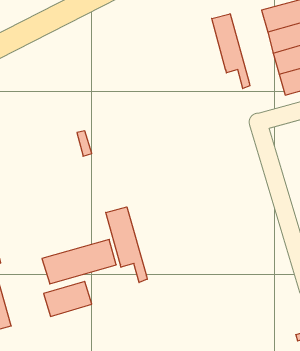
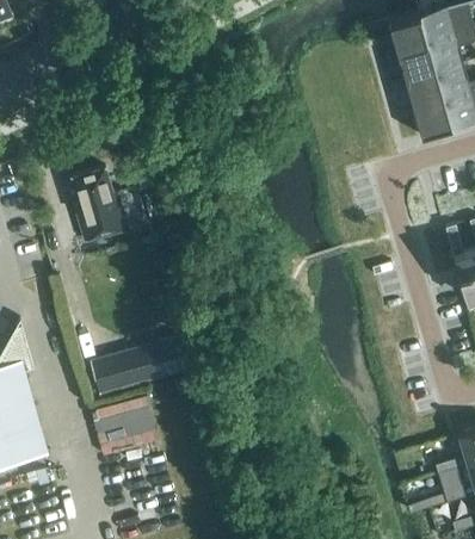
building: [212,14,250,89] -> none
building: none -> [70,168,128,241]
building: [106,207,147,283] -> none

